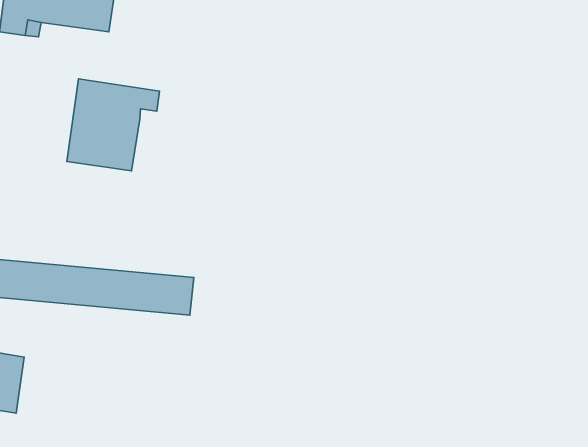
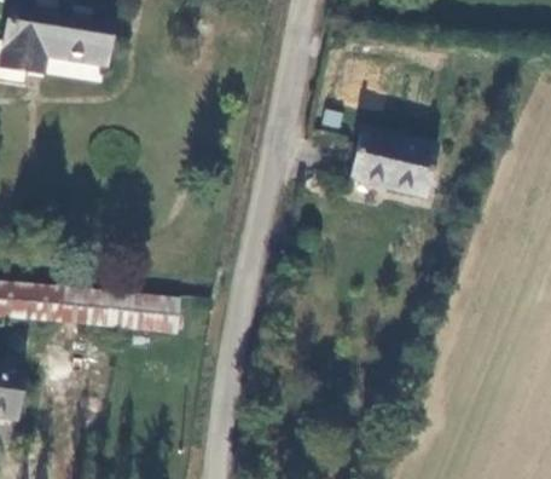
building: [67,79,160,171] -> none
building: none -> [350,128,436,197]

